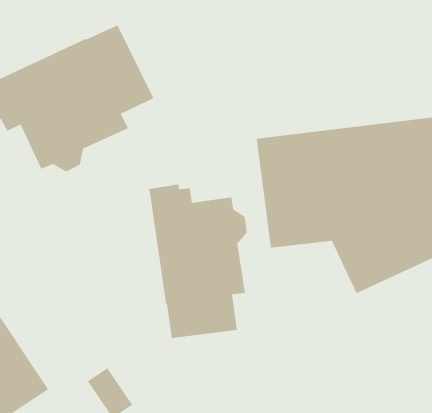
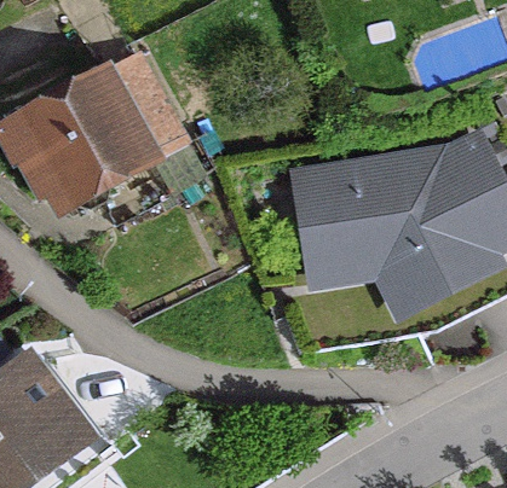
building: [148,183,247,339] -> none

